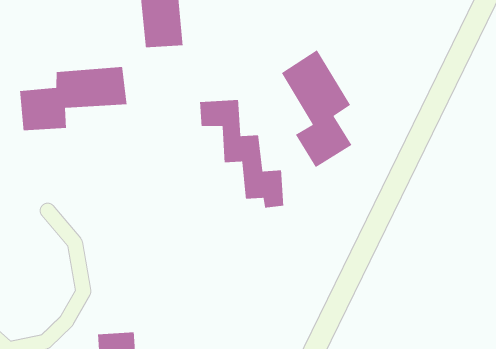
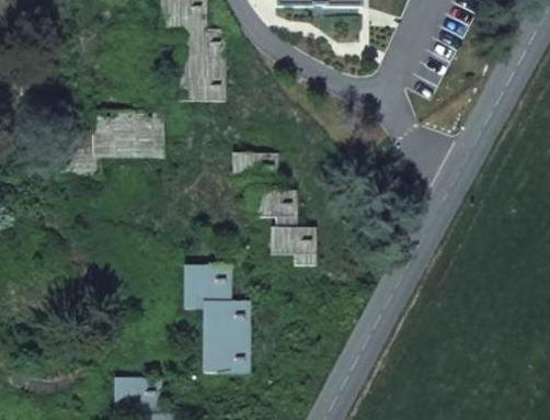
building: [281,49,353,168] -> none
building: none -> [190,262,245,370]

